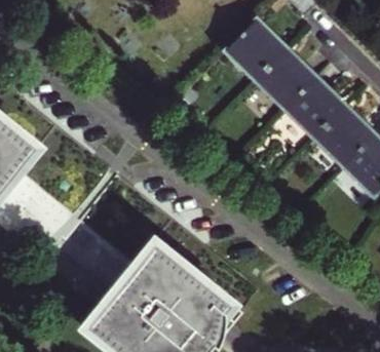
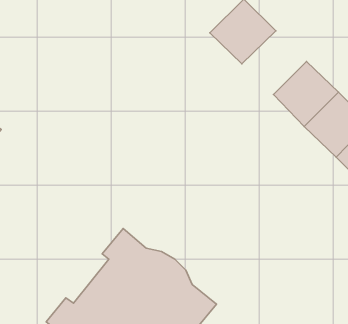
building: [261,54,321,114] -> none

